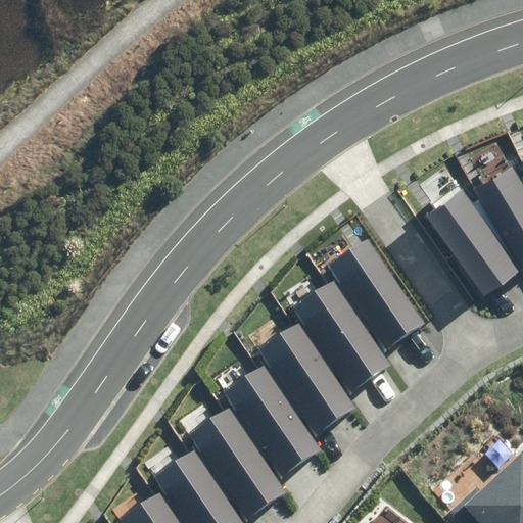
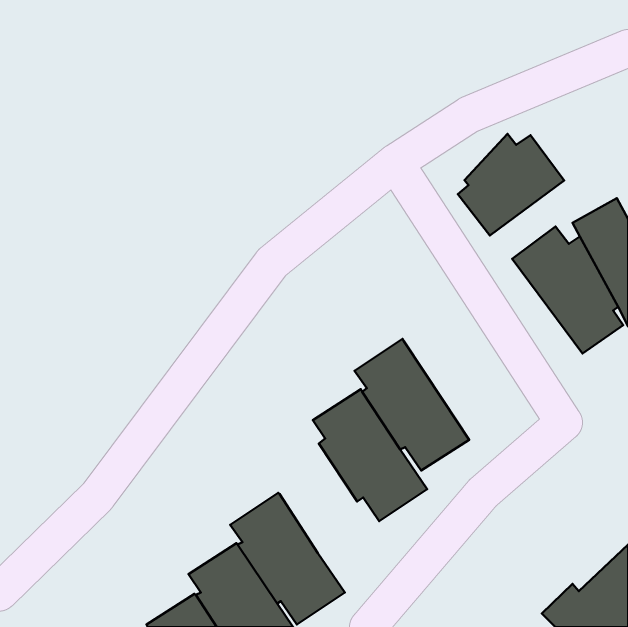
building: none -> [458,134,564,236]
building: [329,240,424,349] -> none
building: [225,368,320,476] -> none

